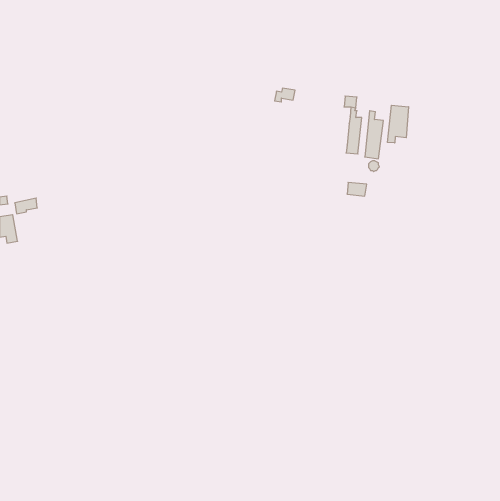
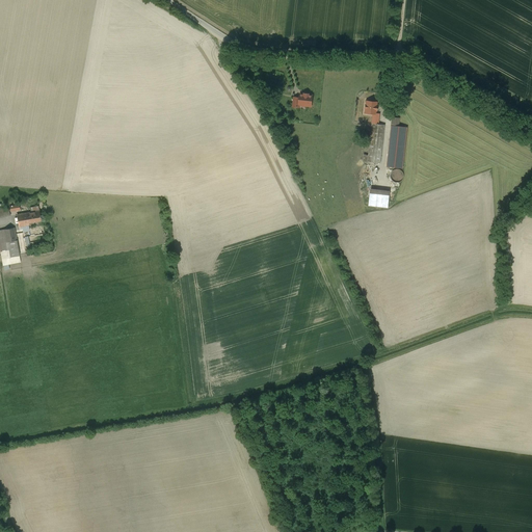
building: [387,105,409,143] -> none

